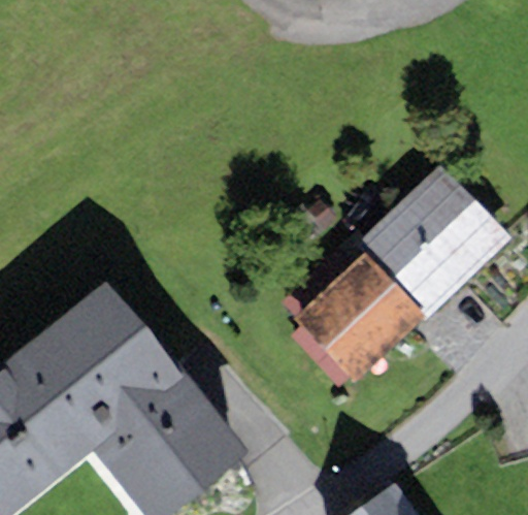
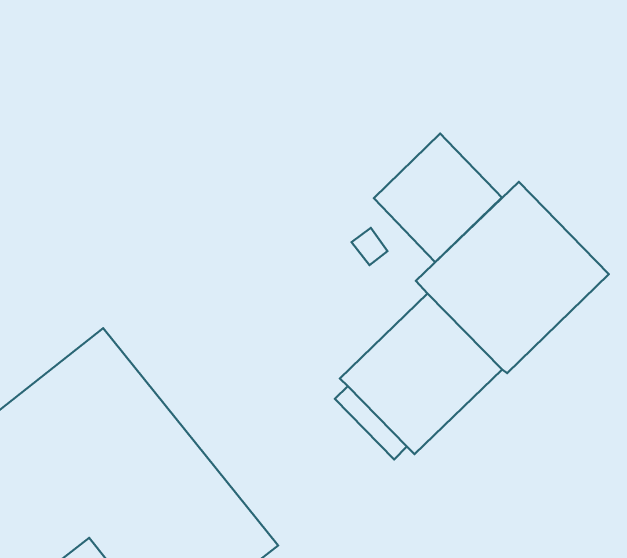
building: none -> [374,134,502,262]

